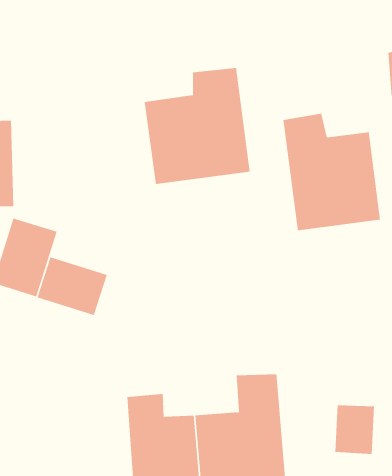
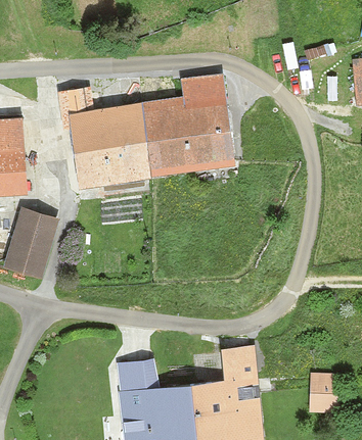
building: none -> [61,88,148,189]
building: [283,113,381,231] -> none
building: [37,256,107,316] -> none

